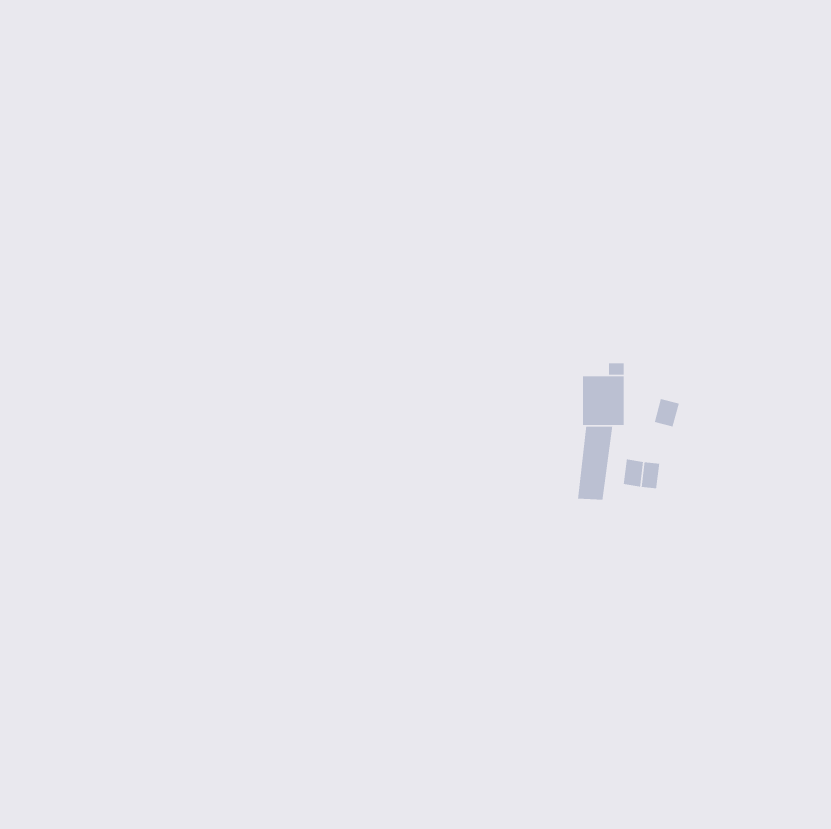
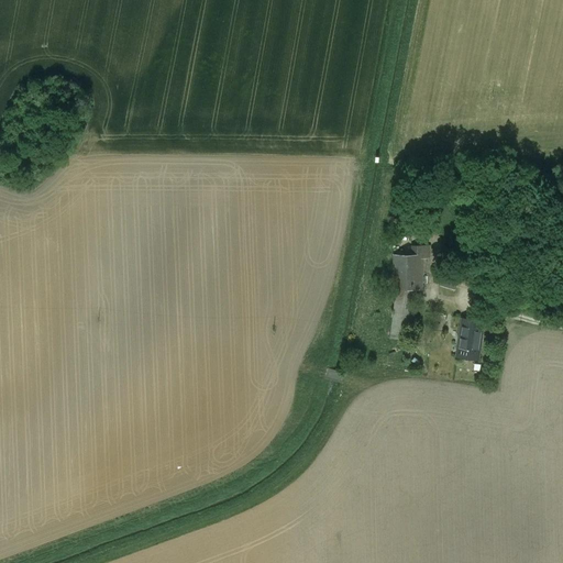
building: none -> [457,318,483,358]

